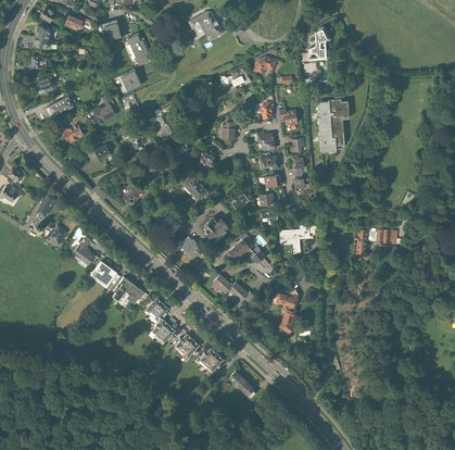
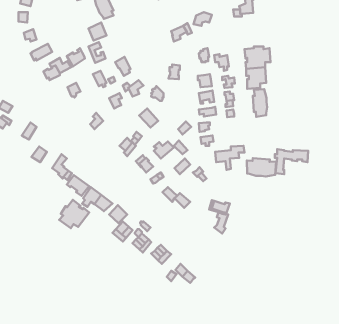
building: none -> [253,89,267,117]
building: none -> [247,158,276,176]
building: none -> [59,200,89,228]

